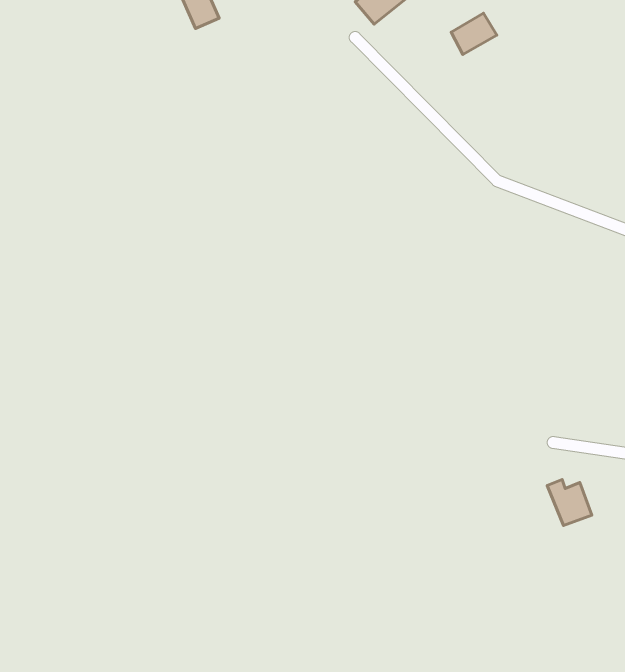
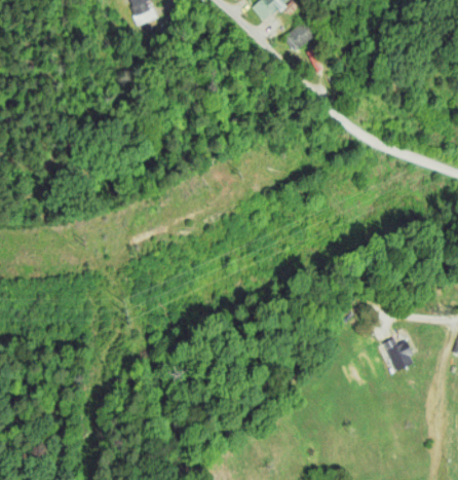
building: [451,13,497,55] -> [283,23,315,51]

